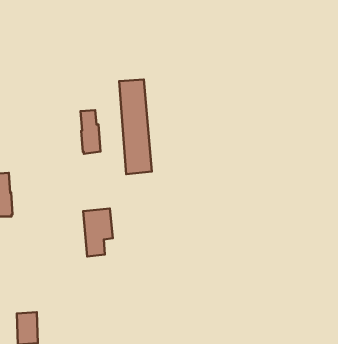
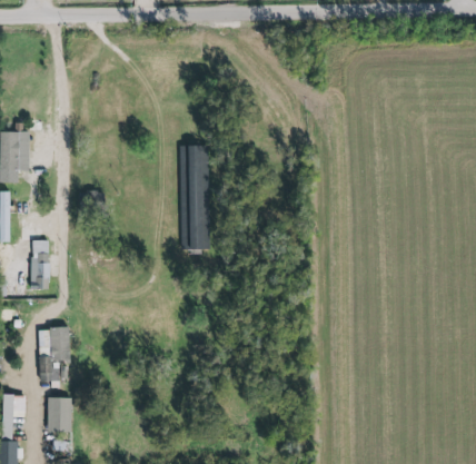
building: [81,110,101,154] -> none
building: [83,208,113,257] -> [39,327,70,379]

